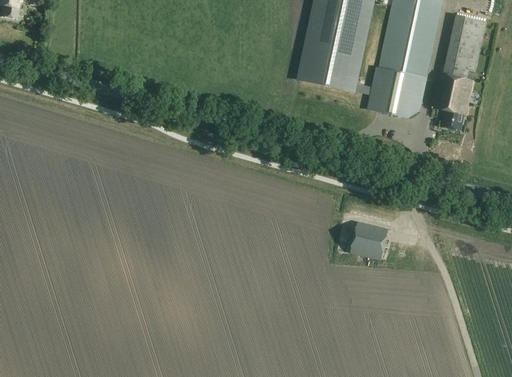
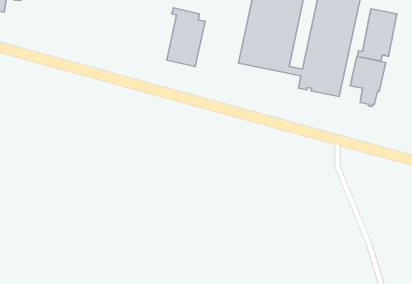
building: none -> [167,8,205,66]
building: [349,220,387,258] -> none

